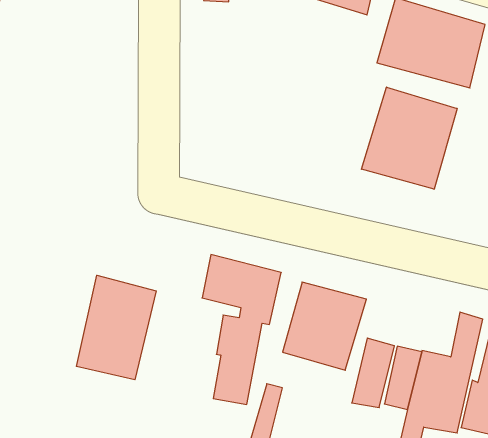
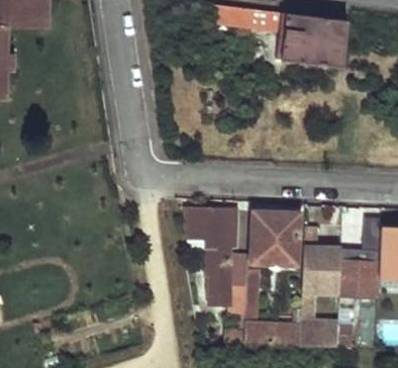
building: [361,87,457,189] -> none
building: [76,275,156,380] -> none

